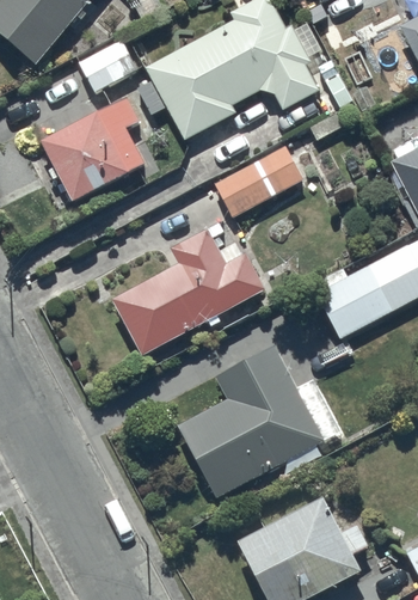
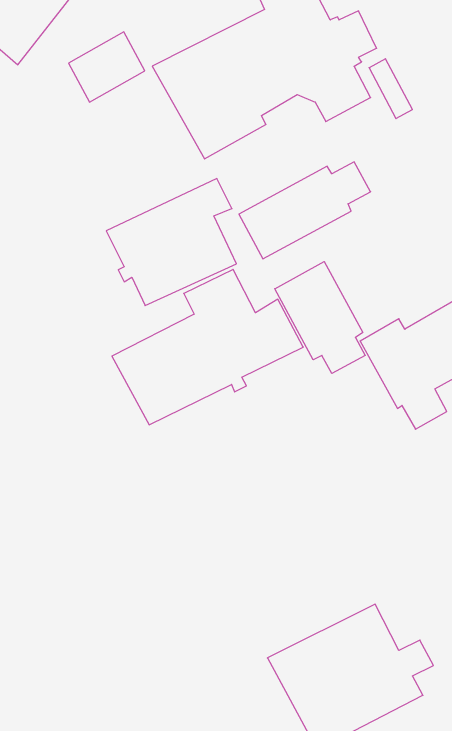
building: [39,97,143,198] -> [106,179,236,306]
building: none -> [275,262,365,373]
building: [178,343,339,496] -> none

